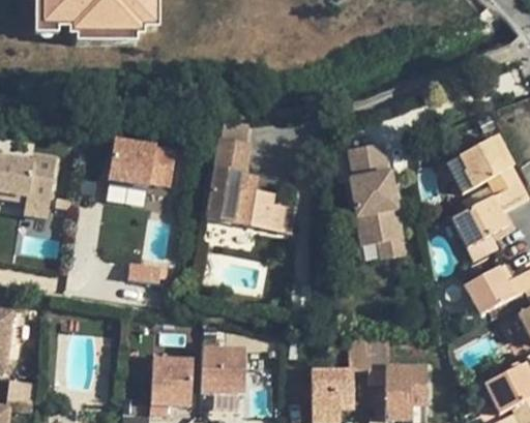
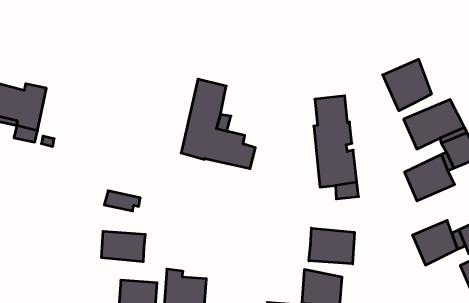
building: none -> [383,59,431,111]
building: [110,141,177,186] -> none
building: none -> [309,228,354,264]
building: none -> [102,231,145,262]

